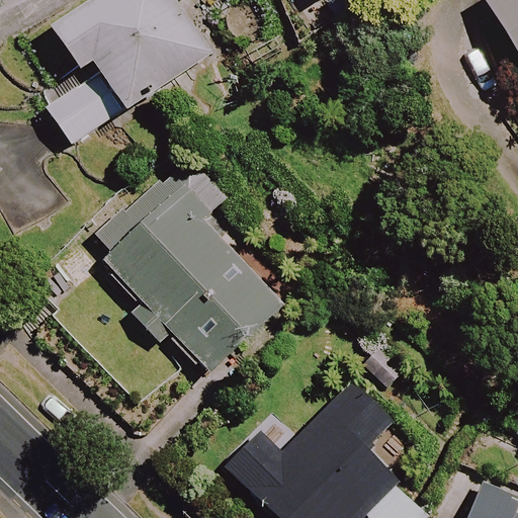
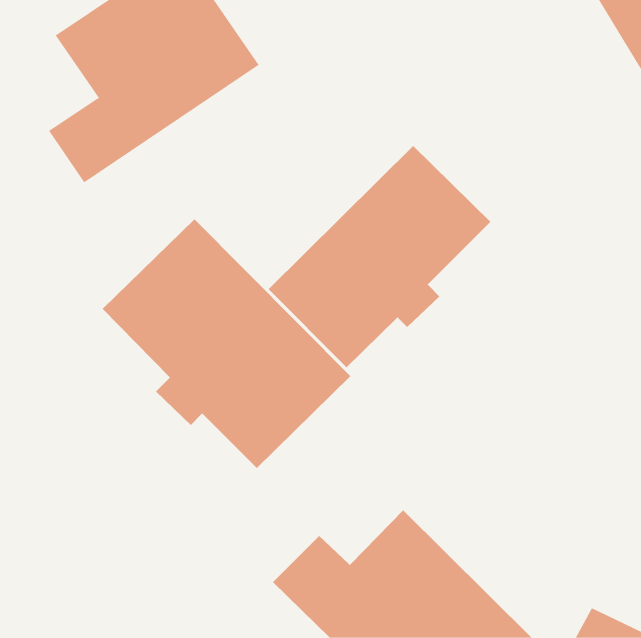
building: none -> [268,145,491,368]

